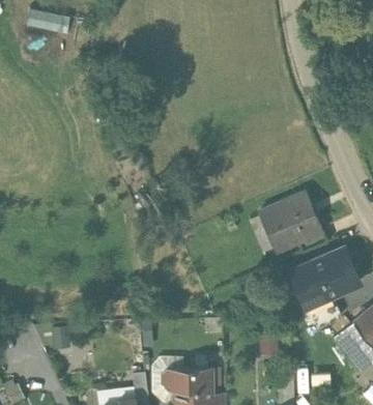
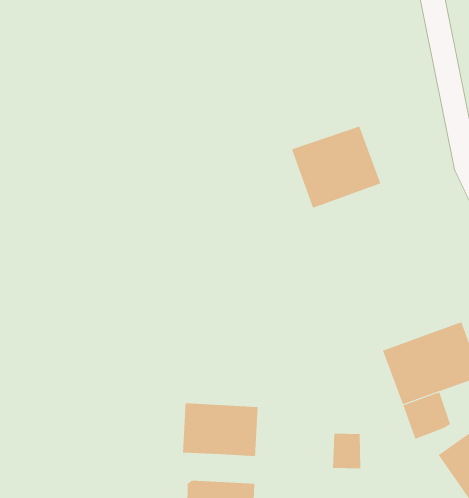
building: [259,192,322,251] -> [291,126,381,209]
building: none -> [182,403,258,457]

